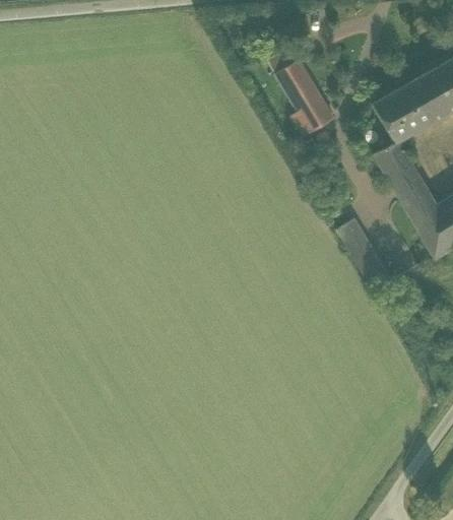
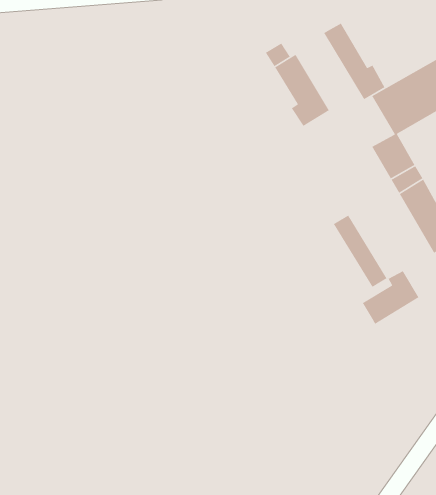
building: none -> [323,23,386,100]
building: none -> [362,270,419,325]

